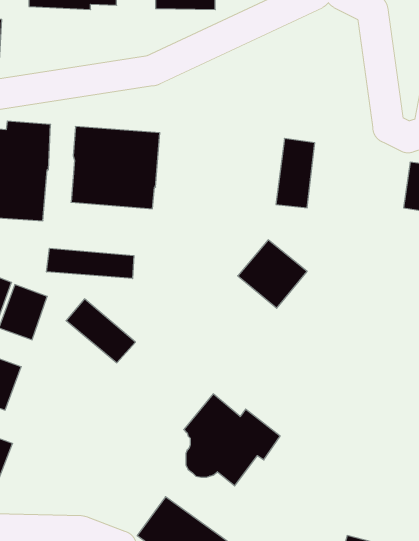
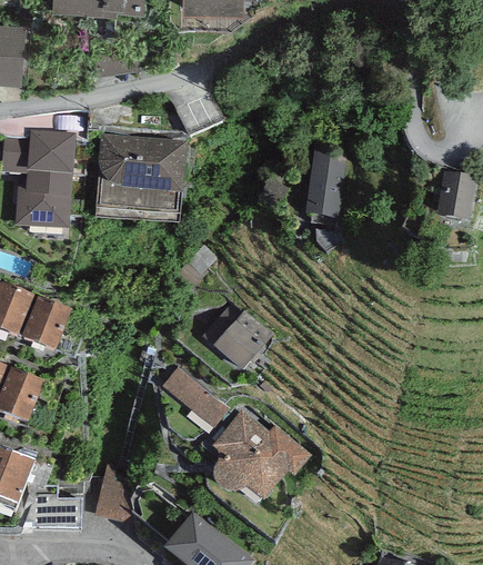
building: [238,240,307,308] -> [201,300,272,370]
building: [47,248,134,279] -> none
building: [66,299,135,363] -> [164,360,235,426]

